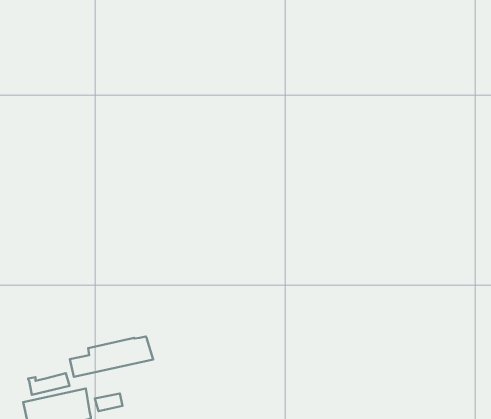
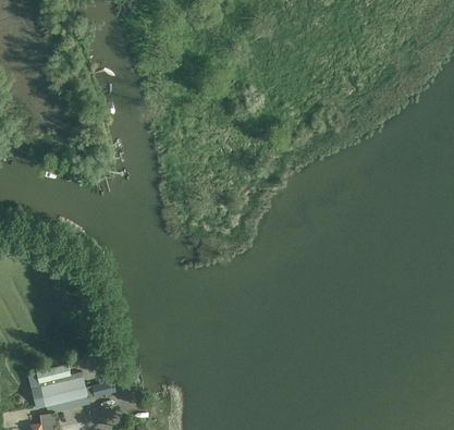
building: [70,337,153,377] -> none

